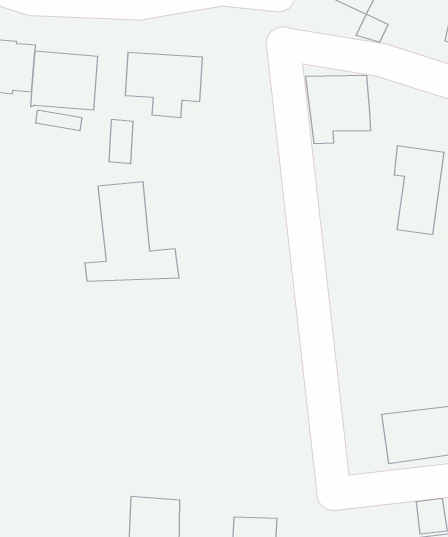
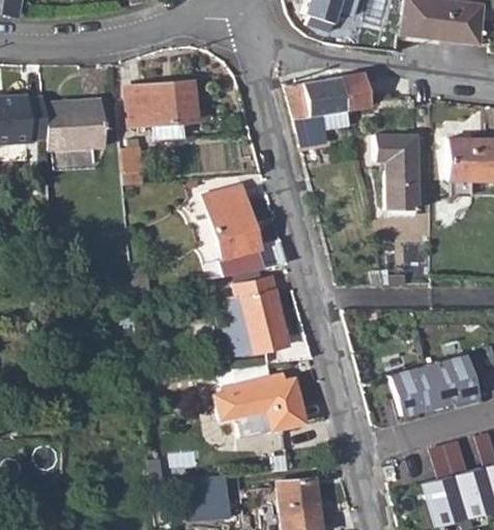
building: none -> [340,75,371,110]
building: [85,182,179,281] -> [204,185,289,279]
building: none -> [232,278,313,363]
building: none -> [215,374,304,431]

